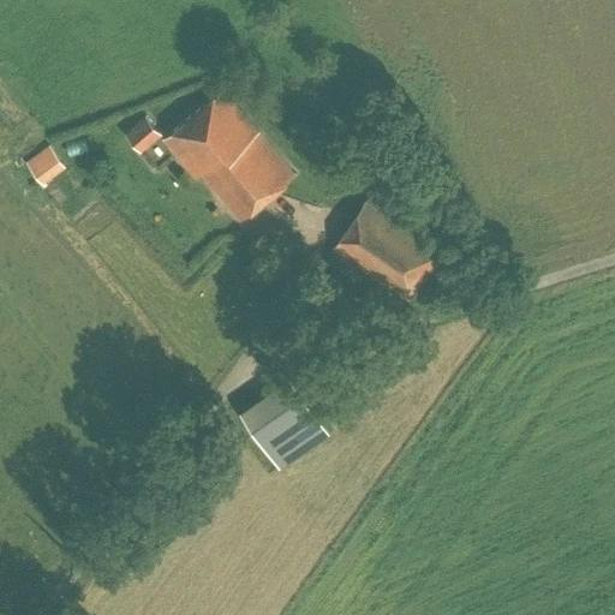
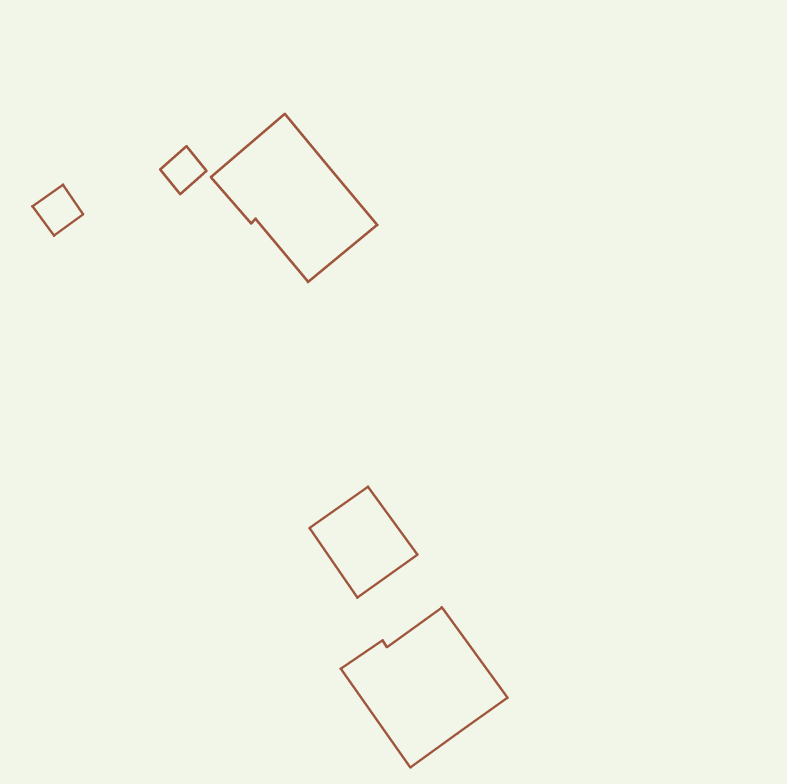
building: [333,203,442,303] -> none
building: none -> [341,607,507,767]

